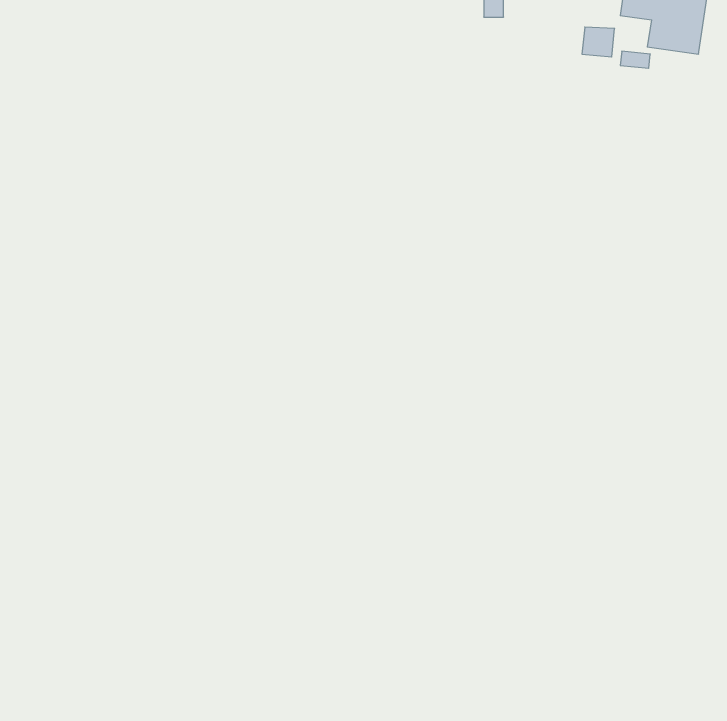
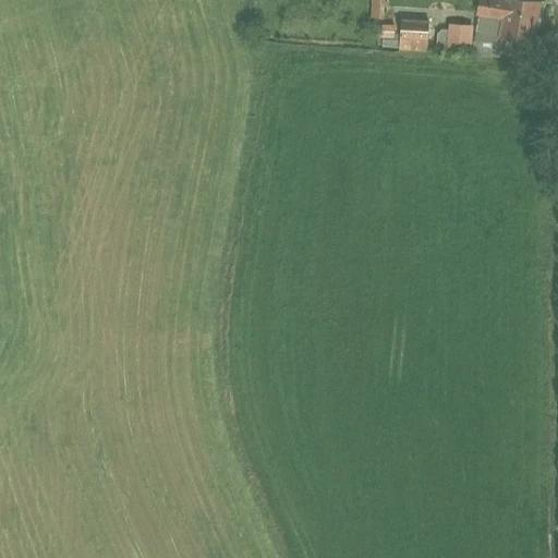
building: none -> [398,16,429,47]

